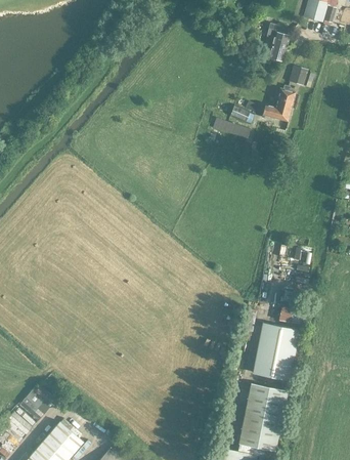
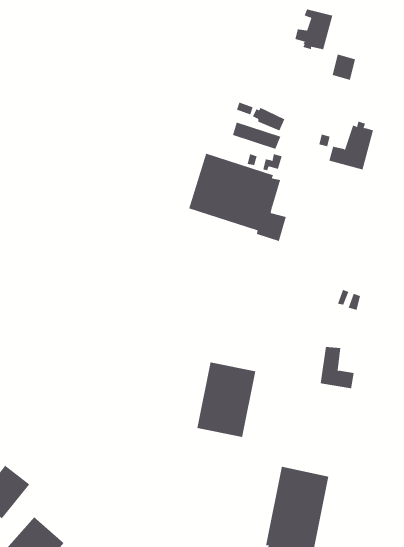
building: [261,84,296,122] -> [329,121,374,170]
building: none -> [189,153,286,242]
building: [252,322,298,380] -> [196,362,256,438]

